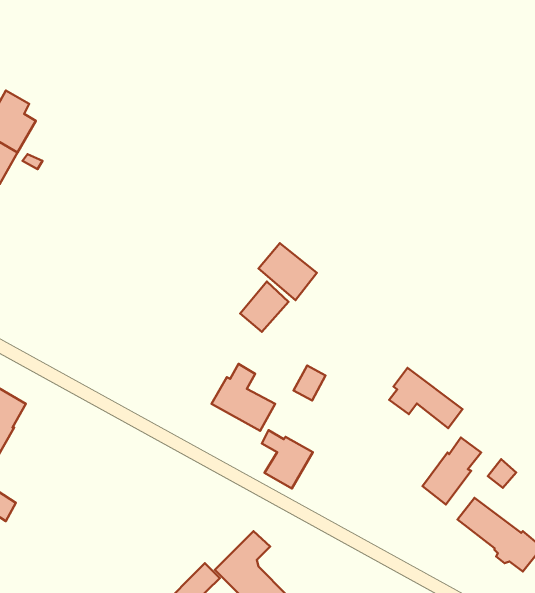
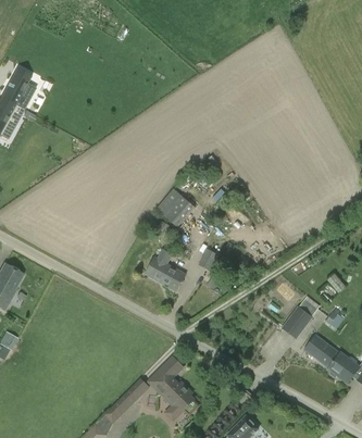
building: [258,243,317,300] -> none
building: [389,368,462,428] -> none
building: [262,430,313,488] -> none

